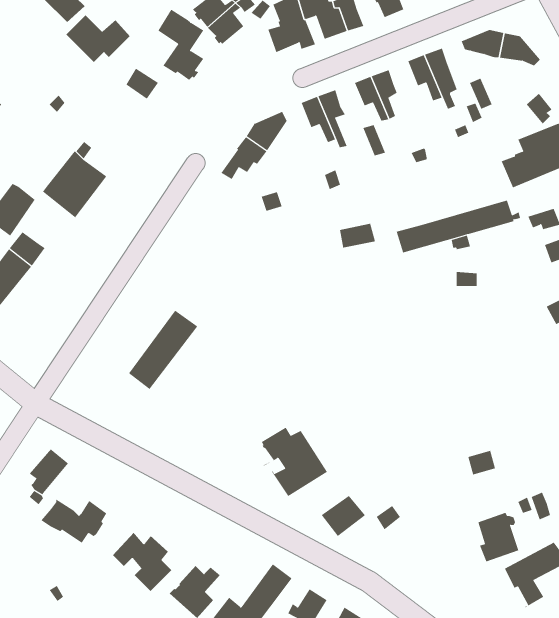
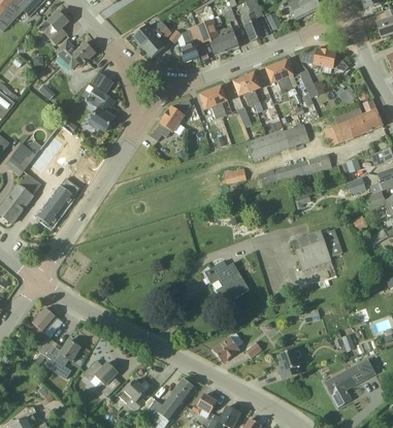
building: [157,9,204,81] -> [86,87,114,131]
building: none -> [248,124,309,160]
building: [128,310,198,390] -> [37,177,80,227]
building: none -> [291,229,343,271]
building: [261,427,328,497] -> [208,261,250,304]
building: [477,512,519,562] -> [277,349,303,380]

